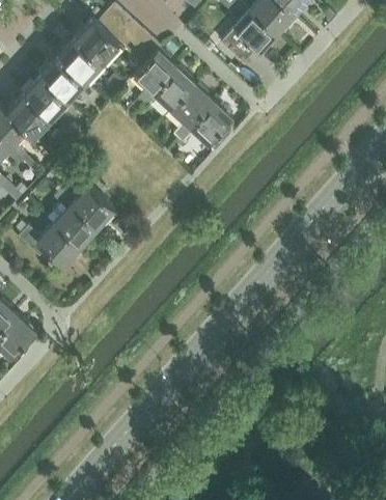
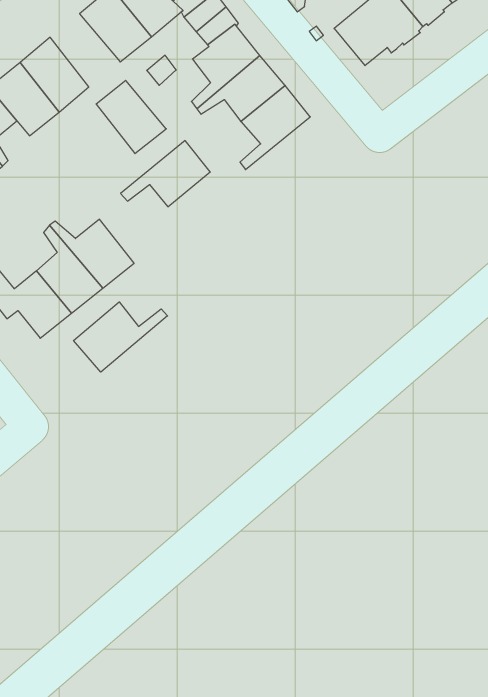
building: [40,57,87,103] -> [96,80,166,154]
building: [176,102,231,145] -> [121,141,210,207]
building: none -> [74,302,168,372]

